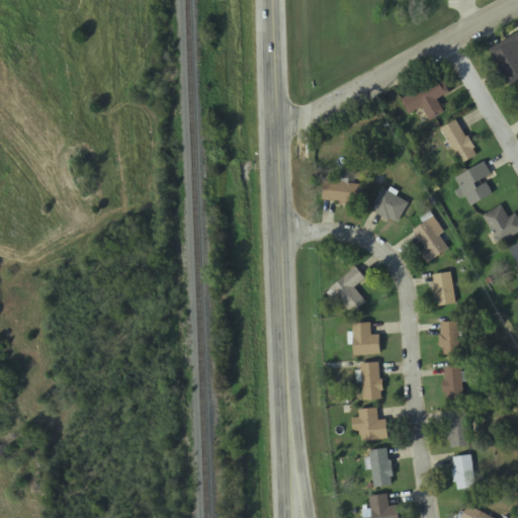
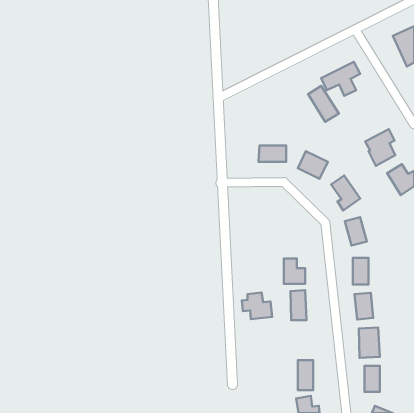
building: [439,118,478,163] -> [308,86,339,122]
building: [330,265,365,313] -> none
building: [351,407,388,440] -> [242,292,272,319]

